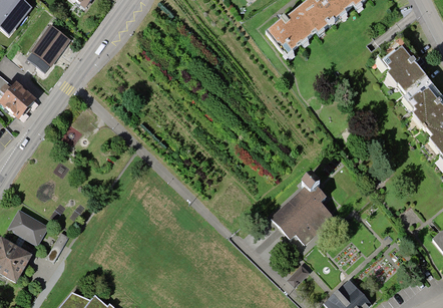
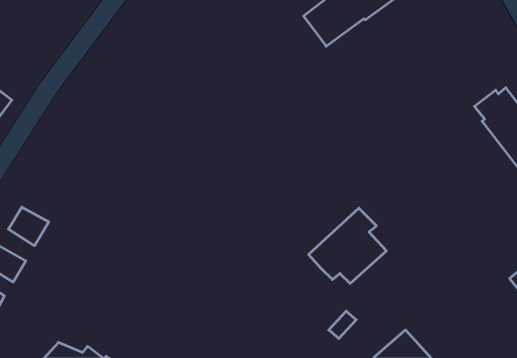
building: [32,26,70,65] -> none
building: [386,48,428,91] -> none
building: none -> [8,207,49,246]

